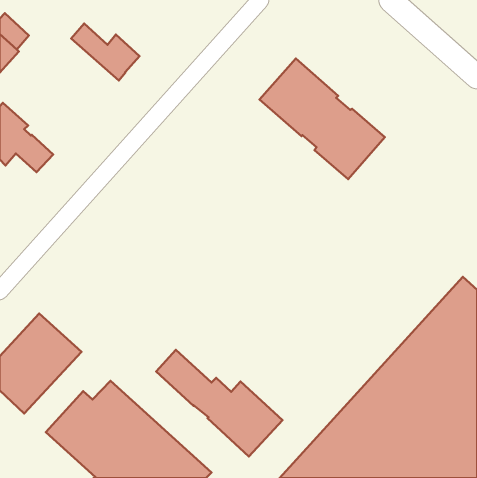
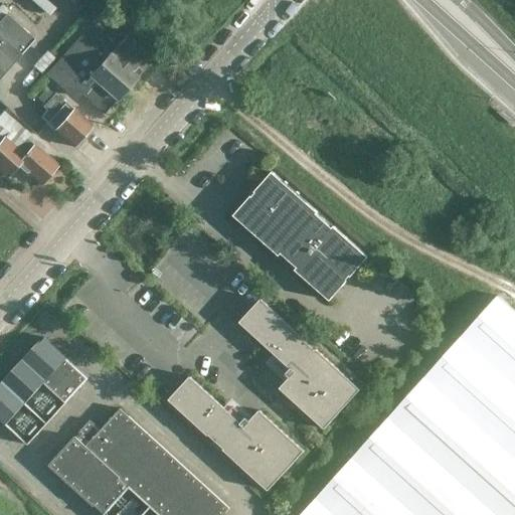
building: none -> [47,41,128,112]
building: [259,58,385,179] -> [232,172,367,302]
building: none -> [37,94,92,148]
building: none -> [238,299,360,430]

